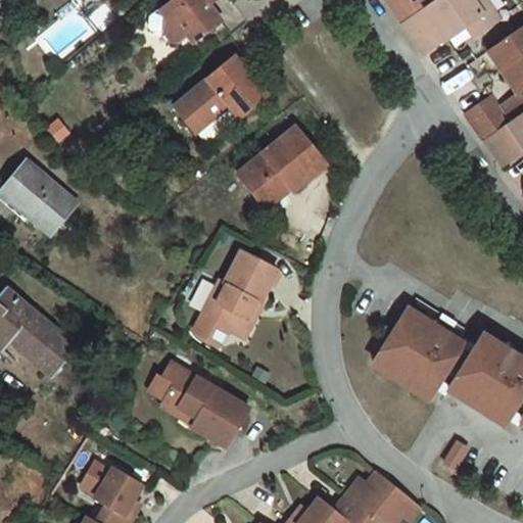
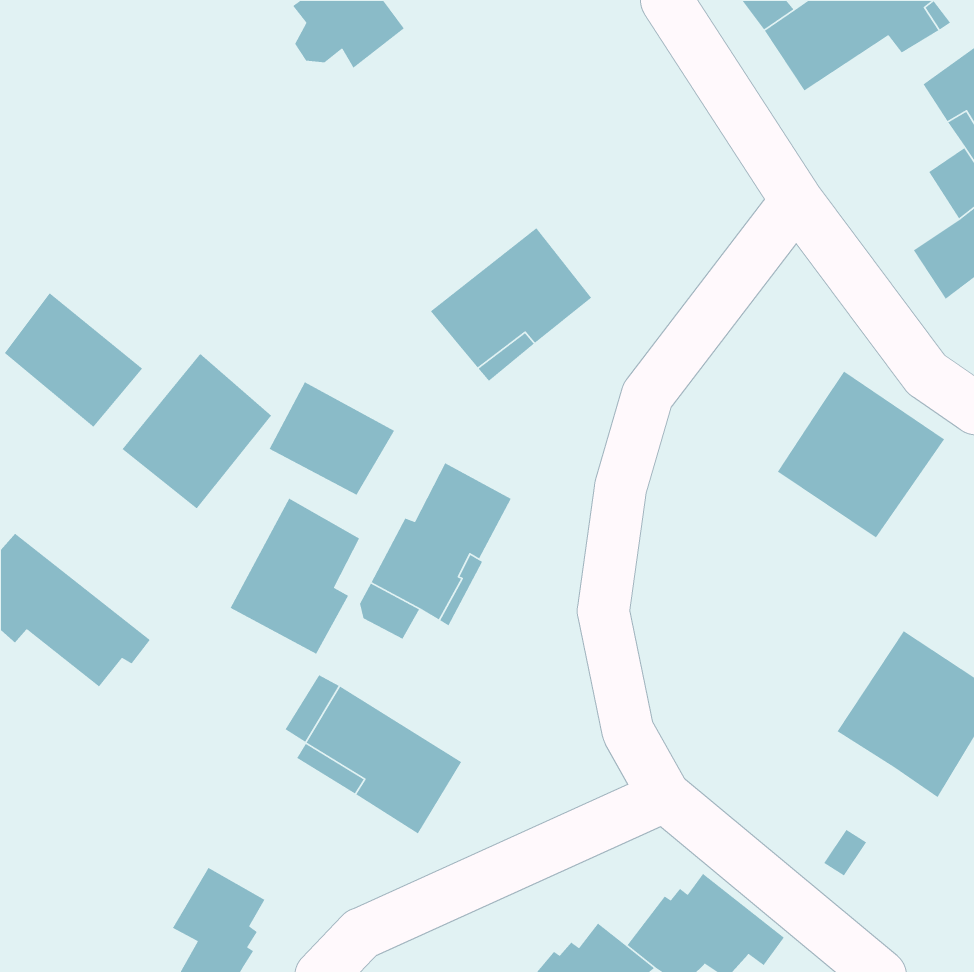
building: [169,52,260,128] -> none
building: [472,94,514,136] -> none
building: none -> [121,353,272,509]
building: none -> [269,381,395,496]
building: none -> [229,498,360,655]
building: [374,311,464,400] -> [777,370,945,539]

